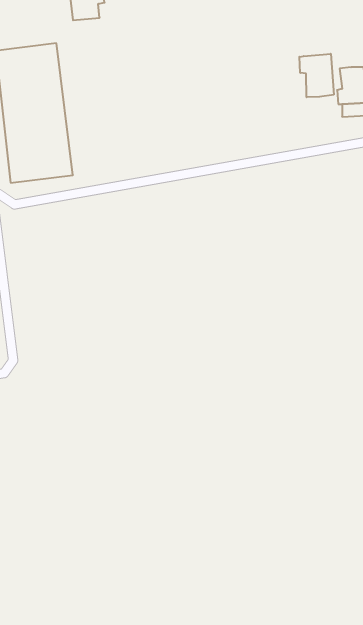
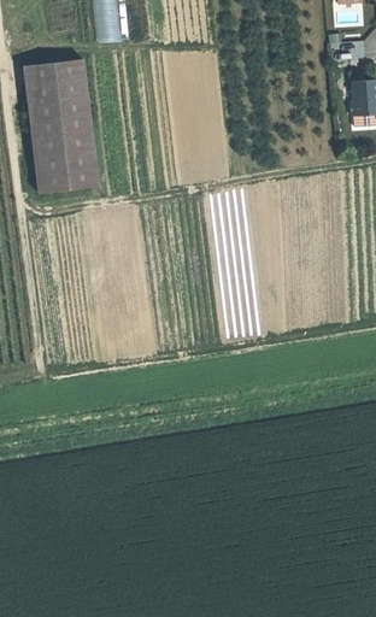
building: [299,54,334,97] -> none

